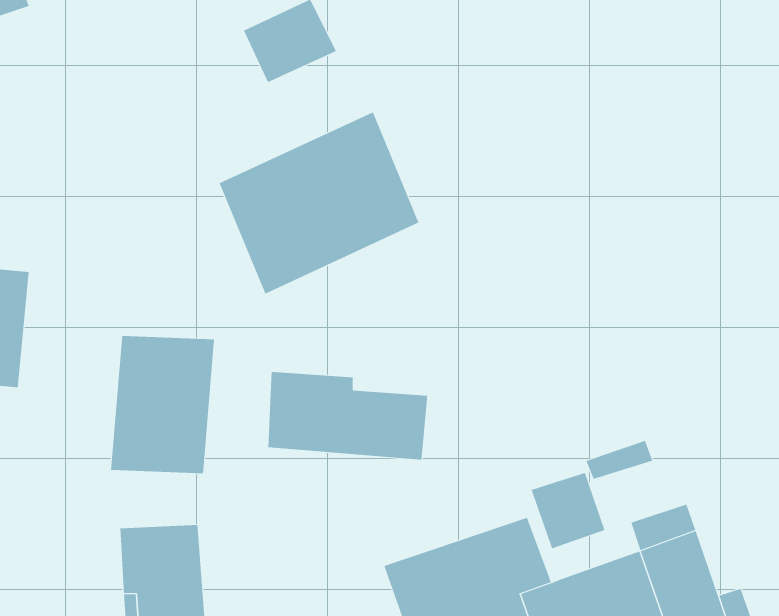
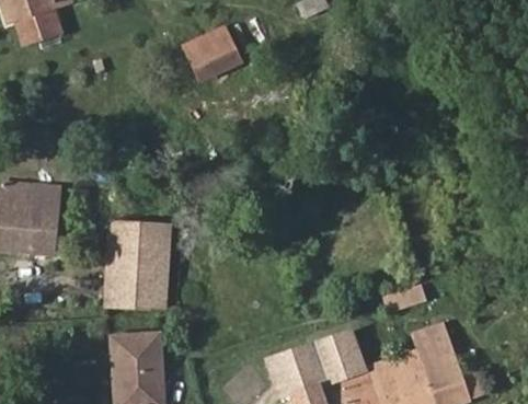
building: [219,111,419,294] -> none
building: [268,371,428,461] -> none
building: [531,472,605,549] -> none

